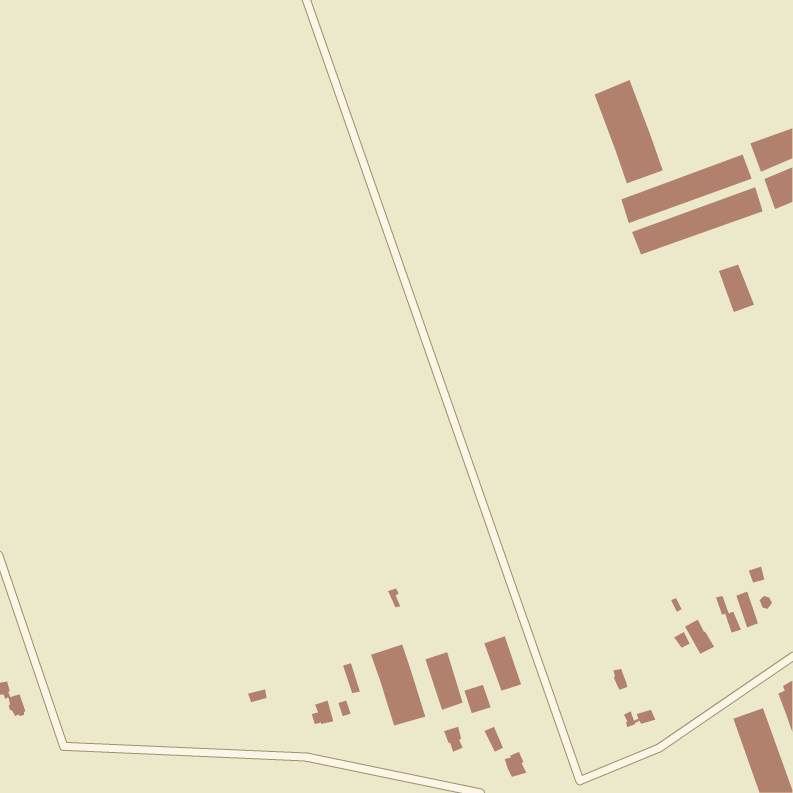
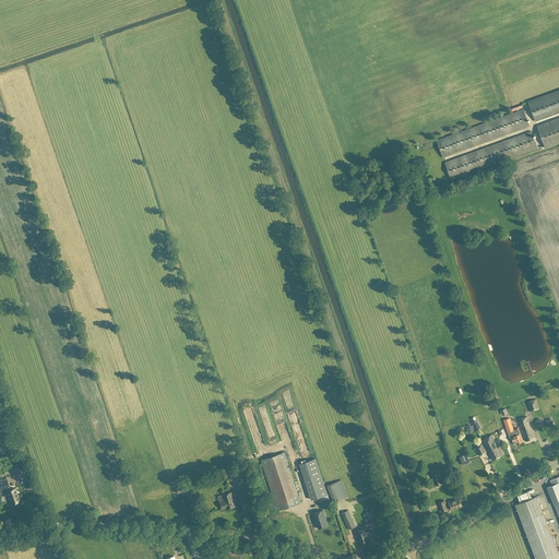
building: [594,79,664,184] -> none
building: [718,264,755,313] -> none
building: [484,636,522,691] -> none

